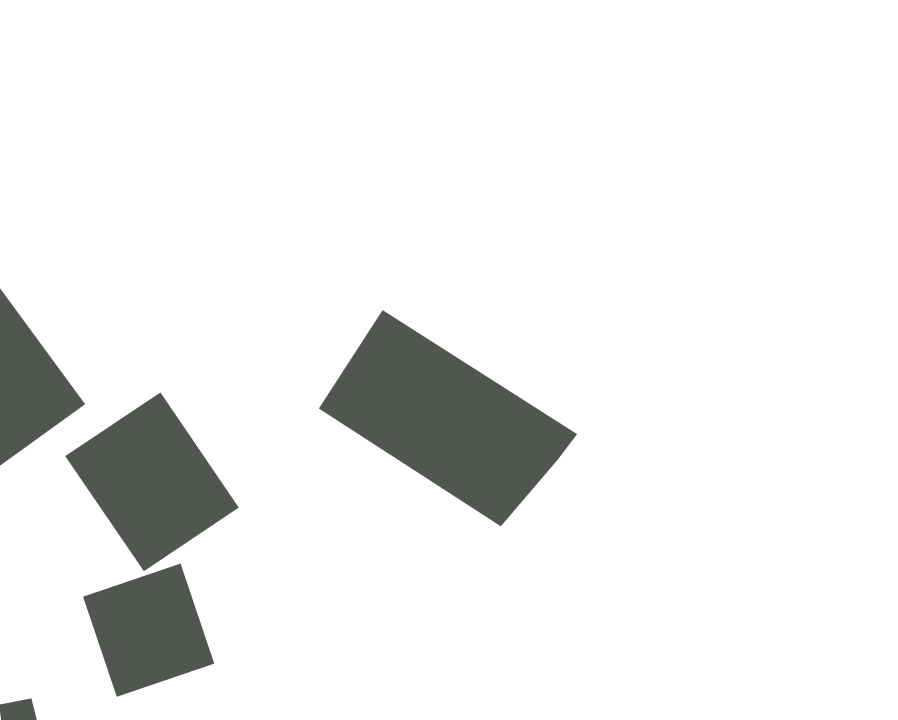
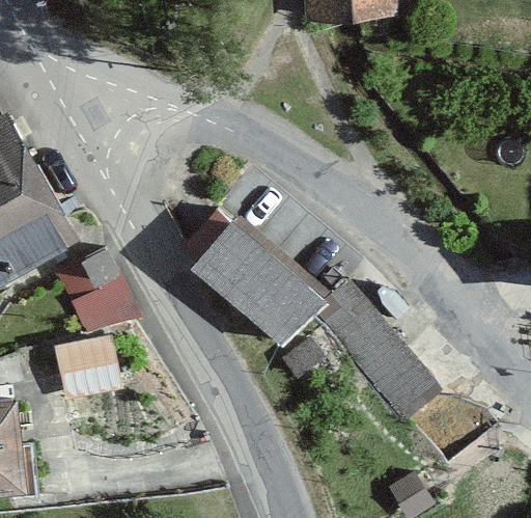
building: none -> [315,279,443,421]

